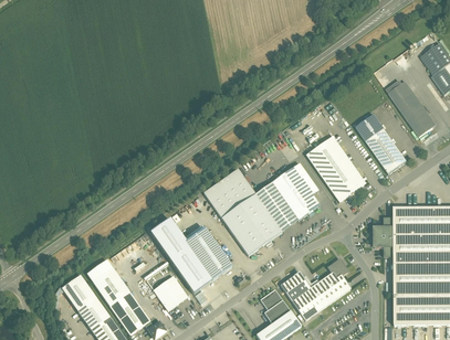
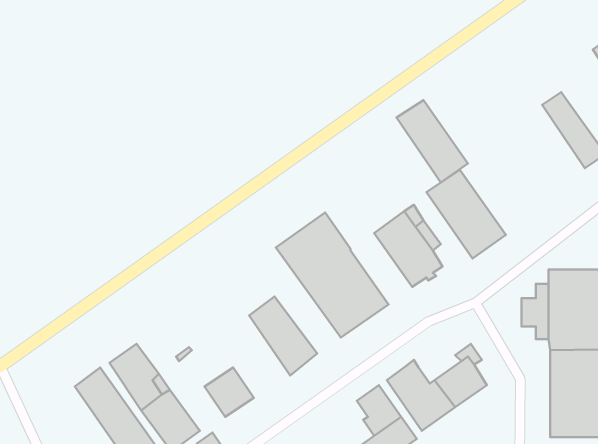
building: [356,116,406,173] -> [397,100,468,182]
building: [254,182,297,232] -> none
building: [149,217,212,295] -> none

